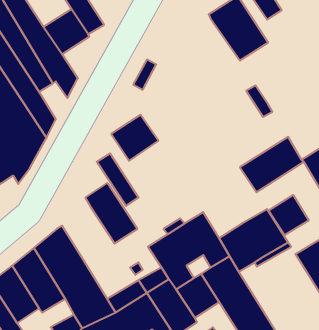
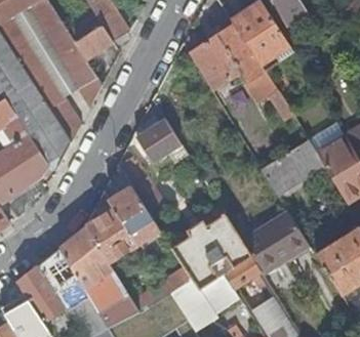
building: none -> [189,24,264,89]
building: [269,195,309,235] -> none
building: none -> [86,208,137,261]

